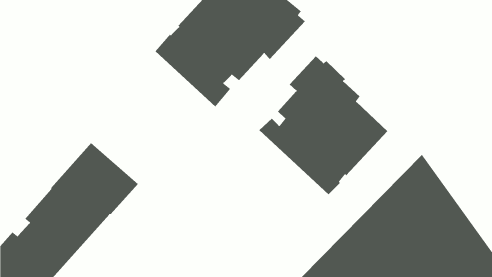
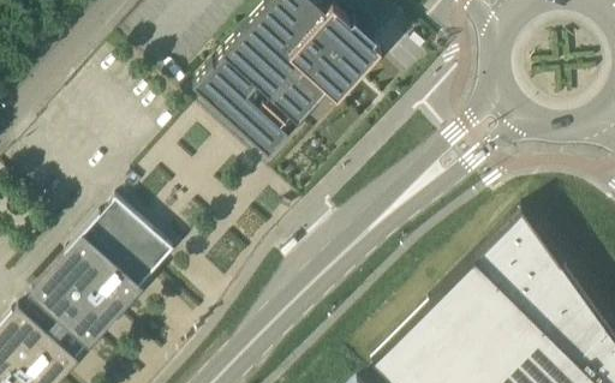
building: [259,55,388,195] -> none

